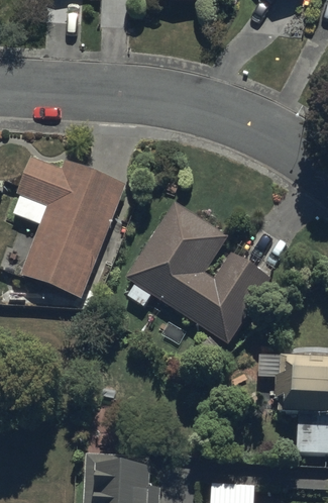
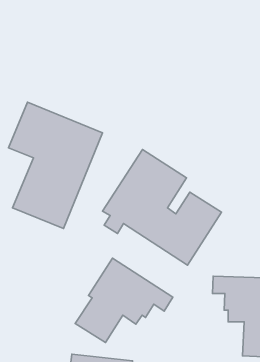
building: none -> [75,258,173,343]

